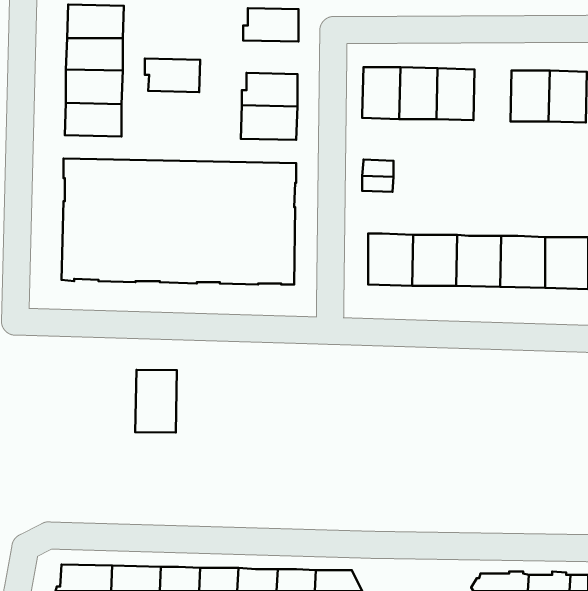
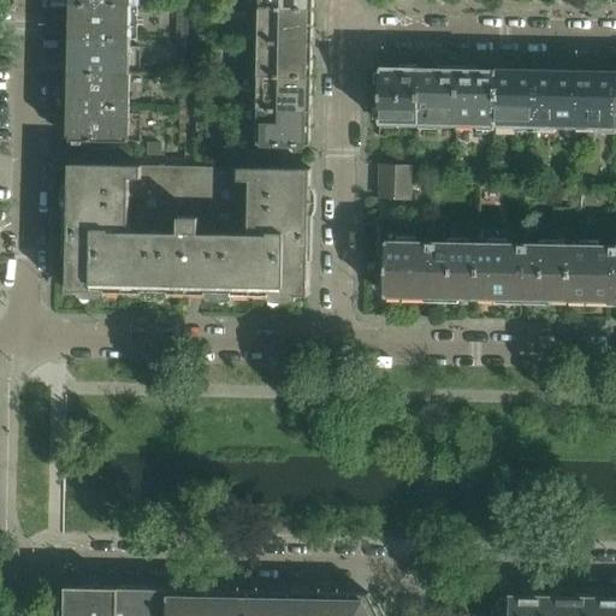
building: [145,59,200,92] -> [253,42,310,77]
building: none -> [492,72,532,126]
building: [135,370,177,433] -> none

